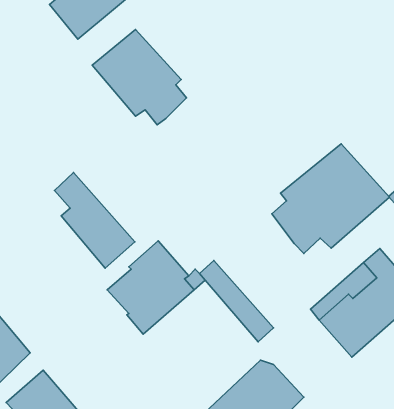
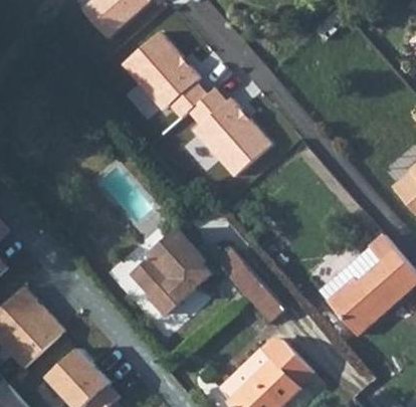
building: none -> [186,87,268,178]
building: [272,144,389,254] -> none
building: [55,172,135,268] -> none

